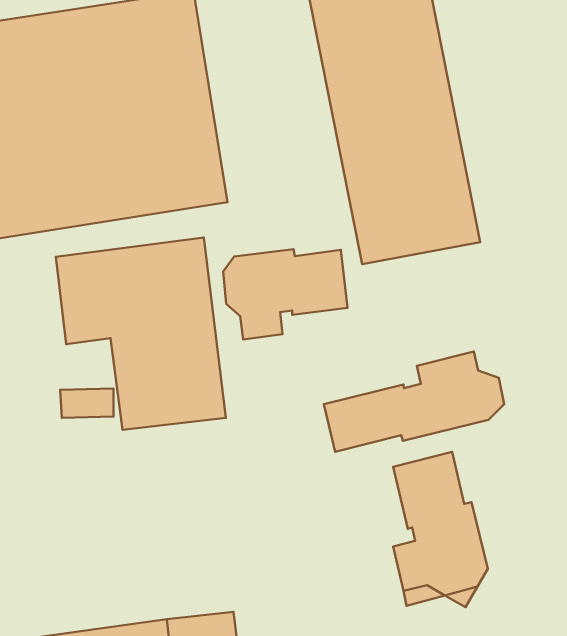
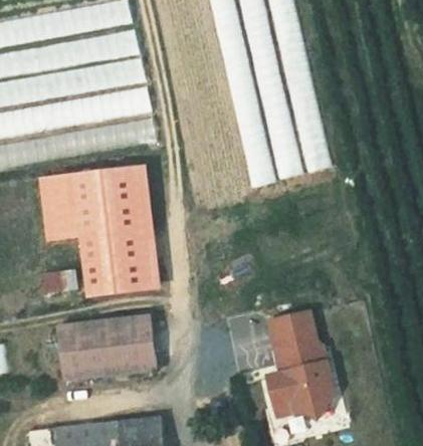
building: [223,249,348,339] -> none
building: [324,351,504,452] -> none
building: none -> [60,316,155,381]

